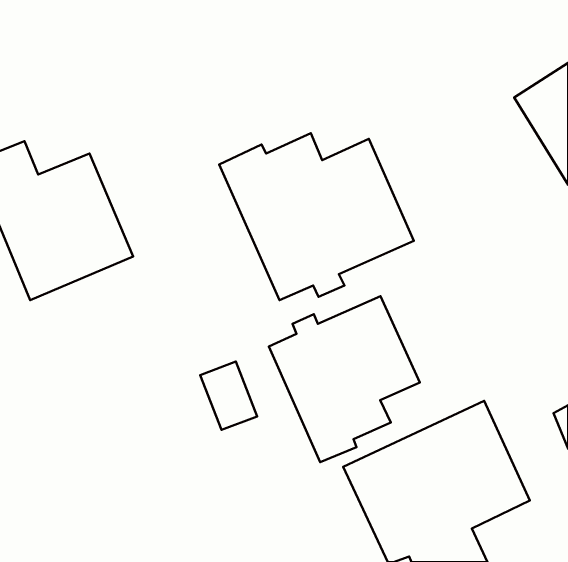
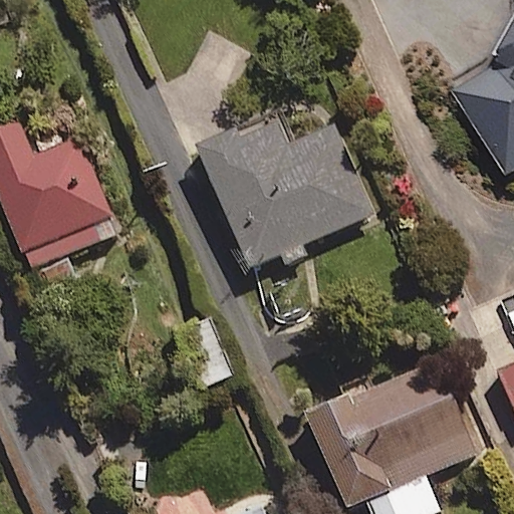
building: [269,296,420,462] -> none

